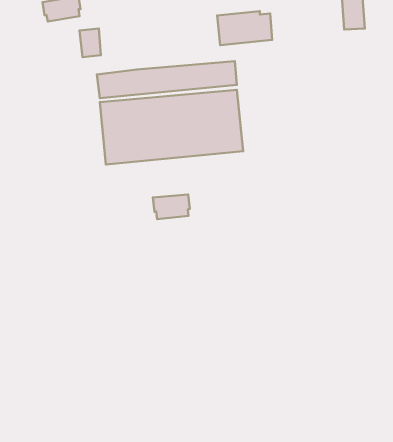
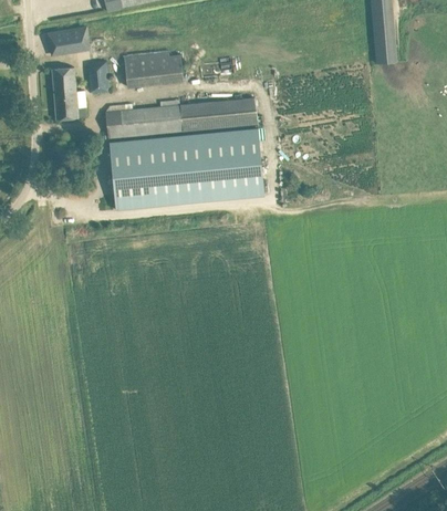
building: [217,11,272,45] -> [123,50,183,86]
building: none -> [52,66,86,119]
building: [153,195,190,219] -> none

